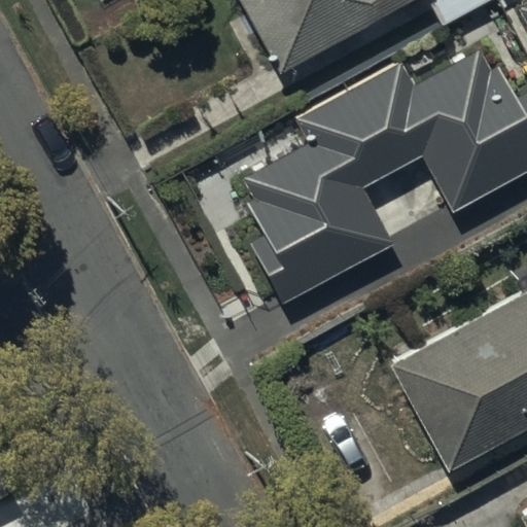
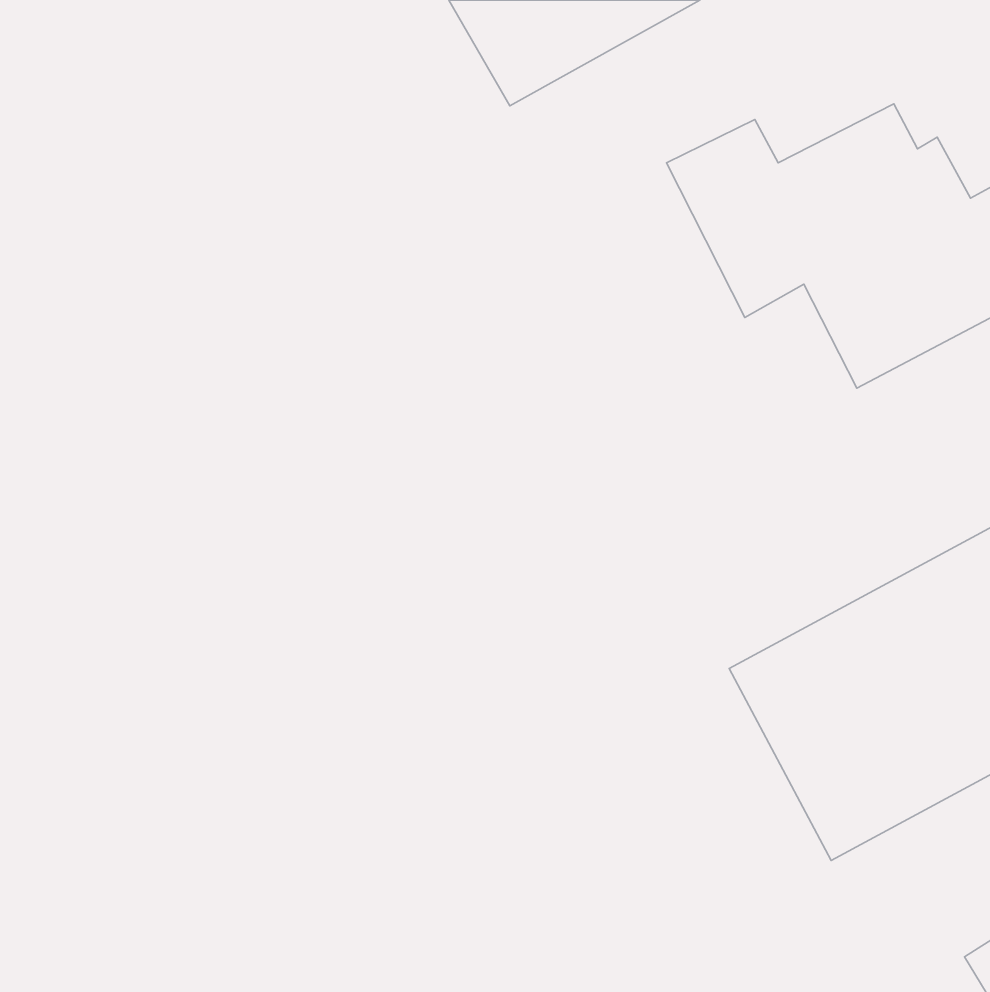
building: [250,91,397,301] -> none

